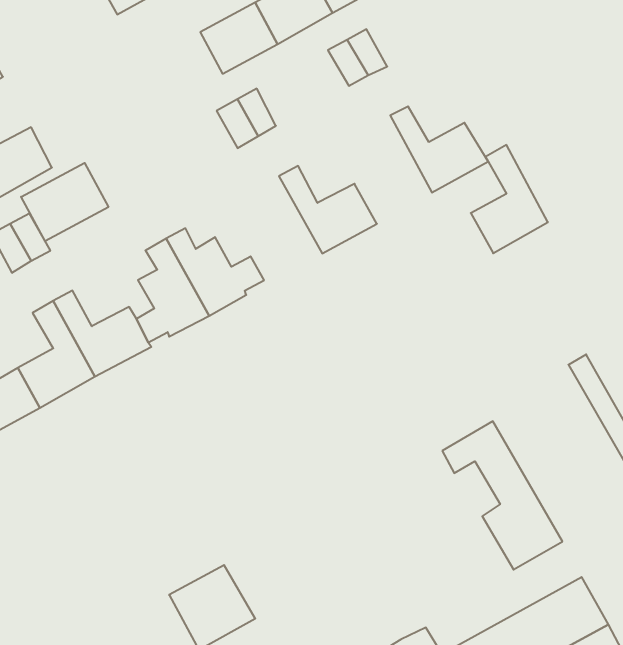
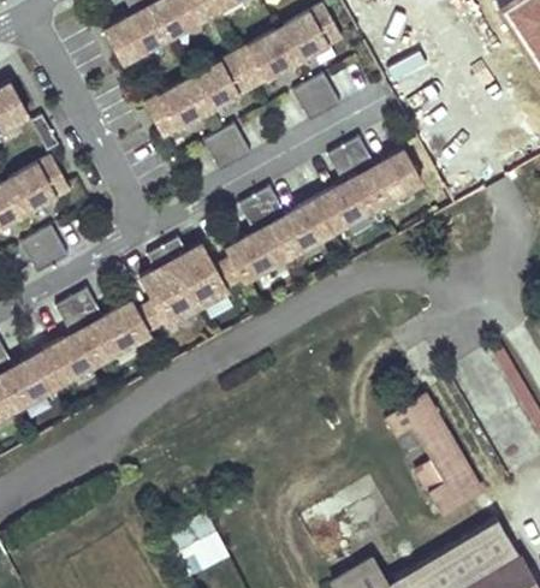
building: none -> [144,78,208,137]
building: [471,145,548,253] -> [315,145,378,233]
building: [21,163,108,241] -> none
building: none -> [225,195,289,283]

